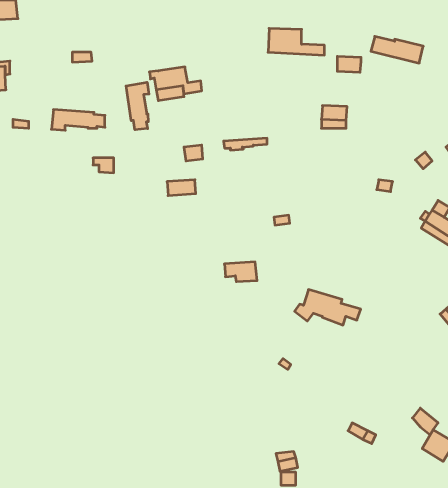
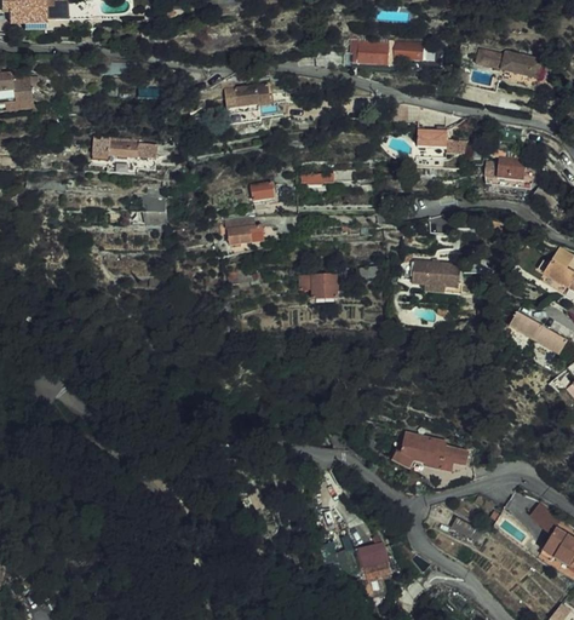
building: [337,56,361,72] -> [394,36,423,56]
building: [126,82,149,130] -> none
building: none -> [484,156,527,180]
building: none -> [414,259,463,294]
building: none -> [510,311,568,355]
building: [224,262,257,282] -> [299,272,339,297]
building: [295,290,361,325] -> [390,436,471,480]

